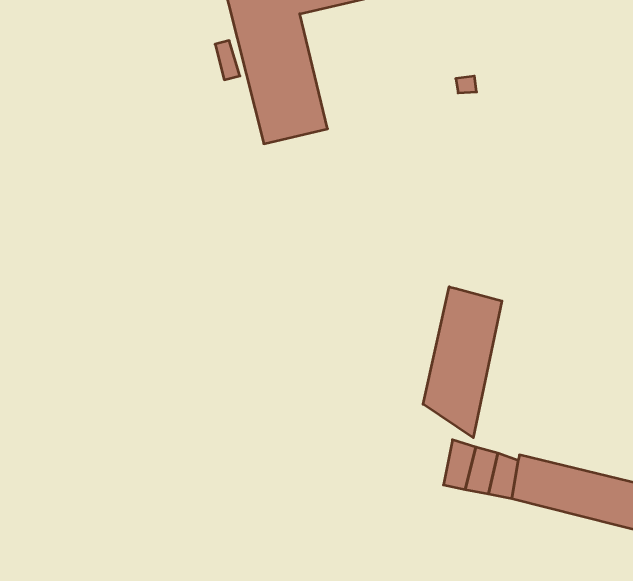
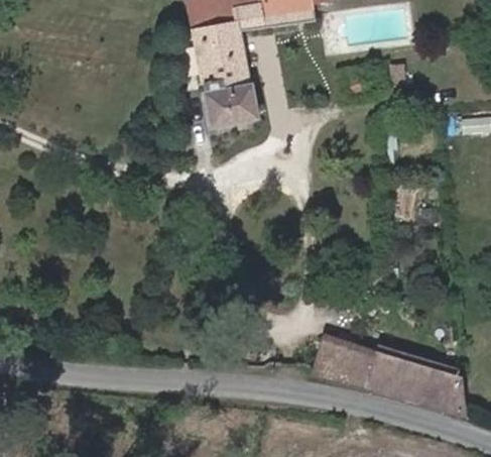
building: [423,287,502,438] -> none

